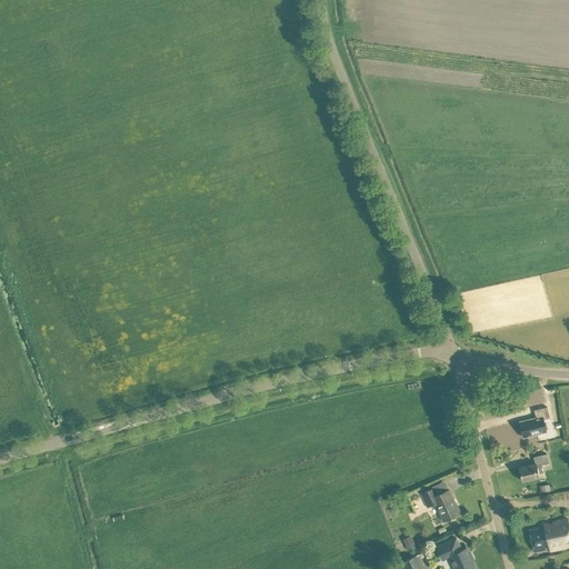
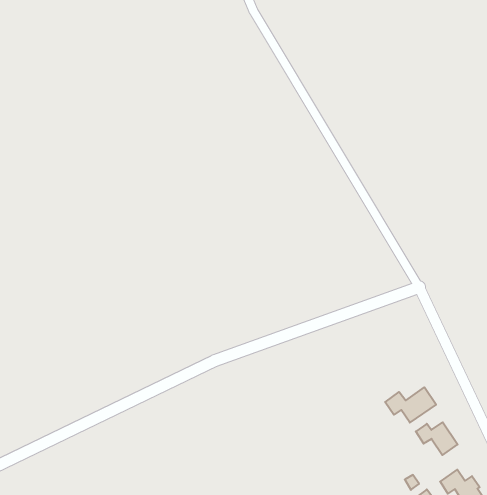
building: none -> [385,387,436,423]

